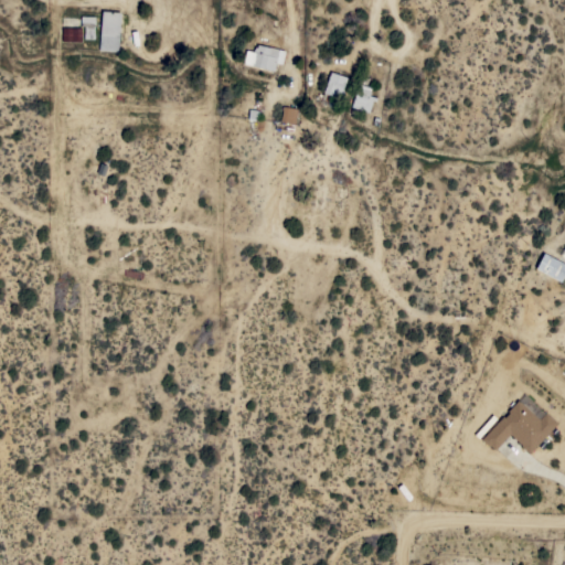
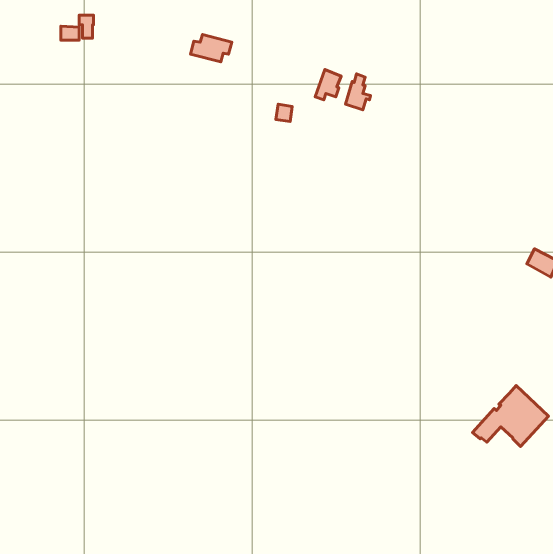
building: [100,11,122,52] -> none
building: [245,44,287,72] -> [190,35,232,62]

